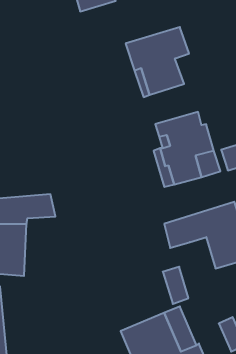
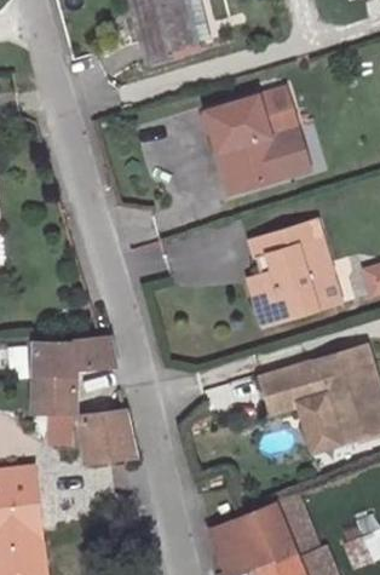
building: none -> [75,413,131,462]
building: [163,267,188,304] -> [310,396,347,450]

